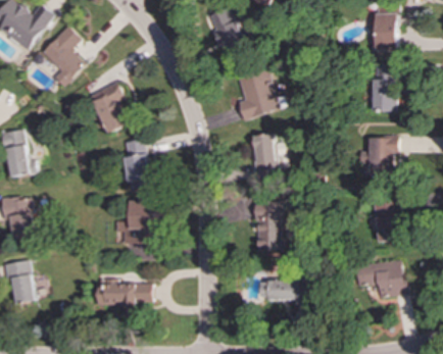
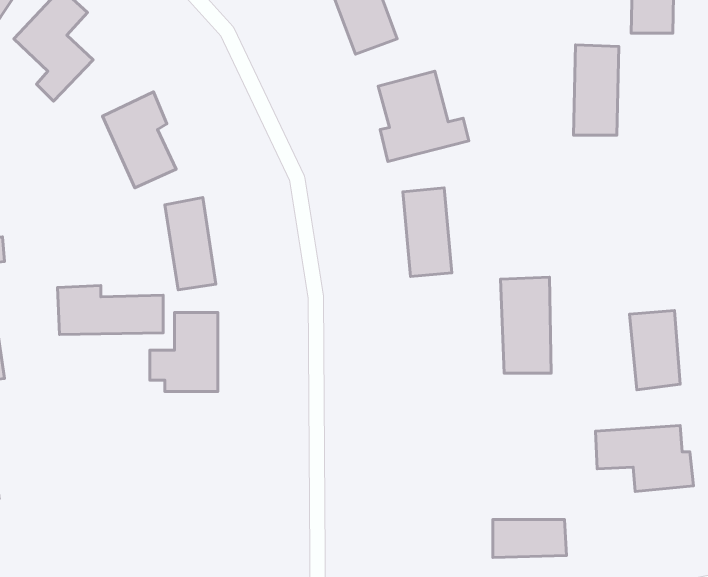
building: [374,62,398,111] -> [573,45,619,135]
building: [368,137,398,175] -> none
building: [255,200,283,252] -> [500,277,551,373]
building: [95,277,152,304] -> [58,286,163,335]
building: [260,280,300,300] -> [493,520,567,557]

